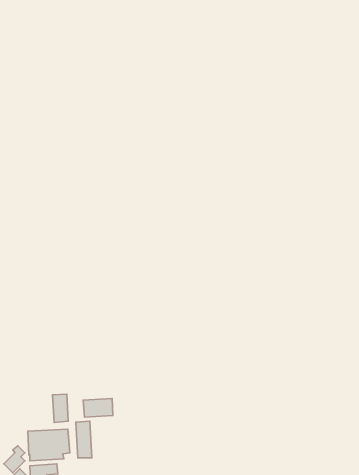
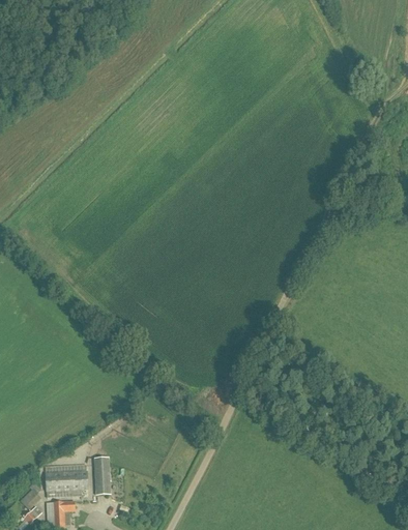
building: [53,394,68,422] -> none
building: [83,399,113,417] -> none

